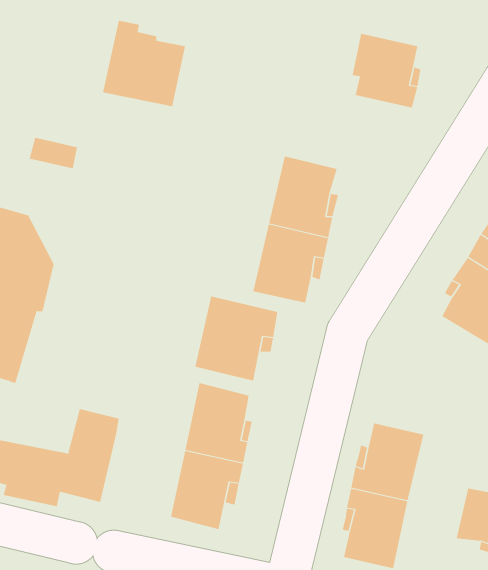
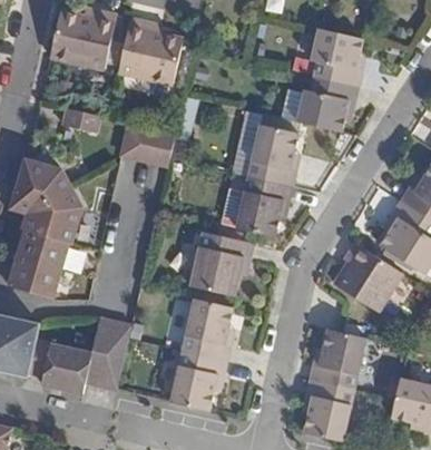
building: none -> [49,10,115,68]
building: none -> [296,76,356,131]
building: none -> [119,121,175,167]
building: none -> [333,242,400,311]

